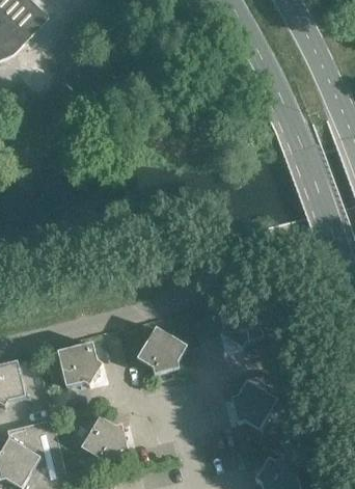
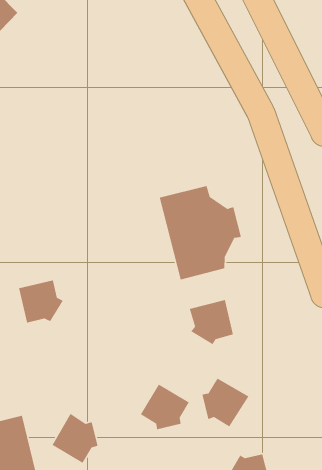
building: none -> [159,185,242,280]
building: [137,327,187,374] -> [140,383,190,430]
building: [57,343,103,386] -> [18,280,64,323]

